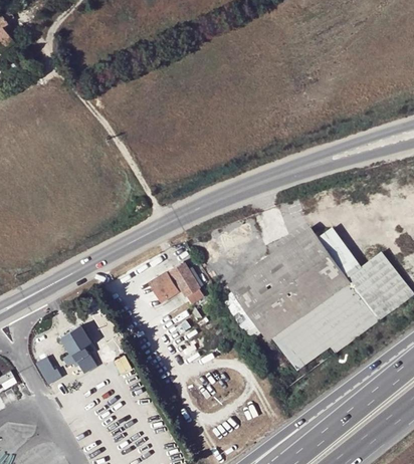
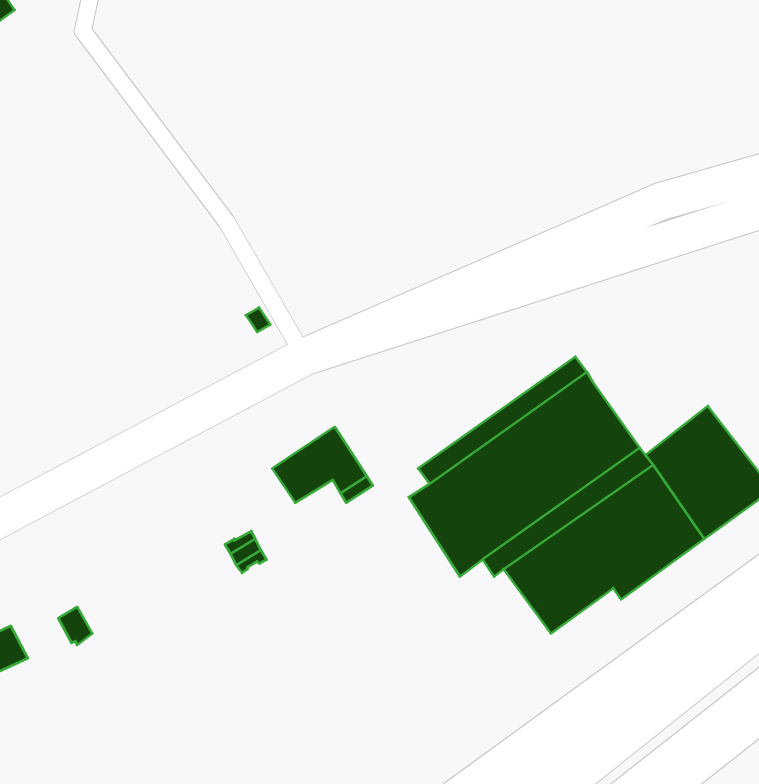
building: [319,228,357,272] -> none
building: [60,324,95,374] -> none

